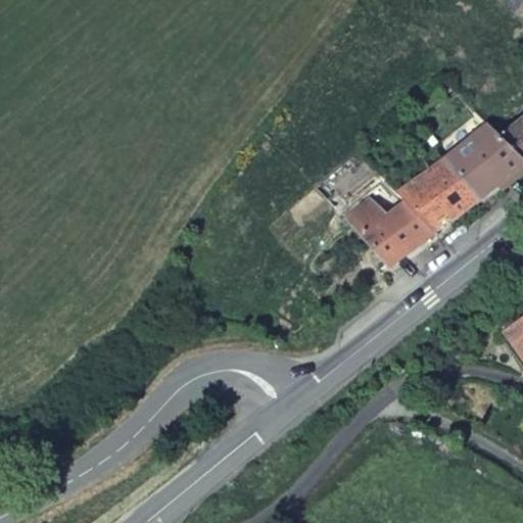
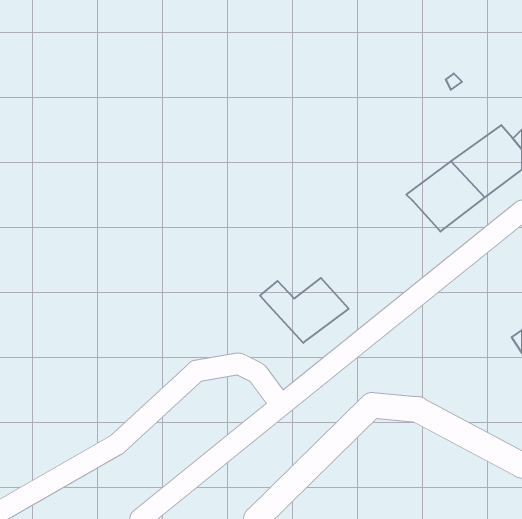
building: [347,198,435,263] -> [260,278,349,343]

